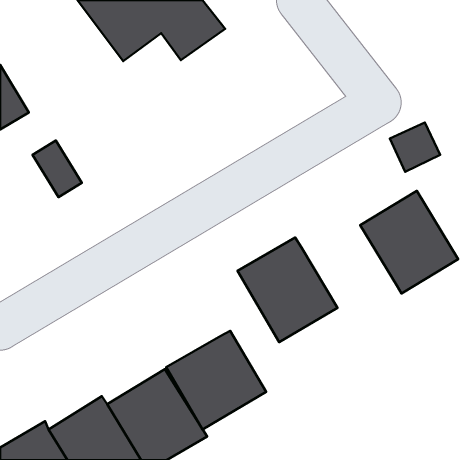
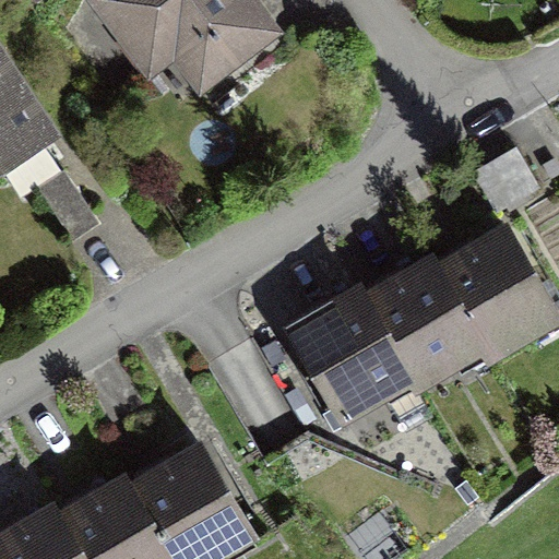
building: none -> [366,262,481,385]
building: [166,331,266,429] -> none

